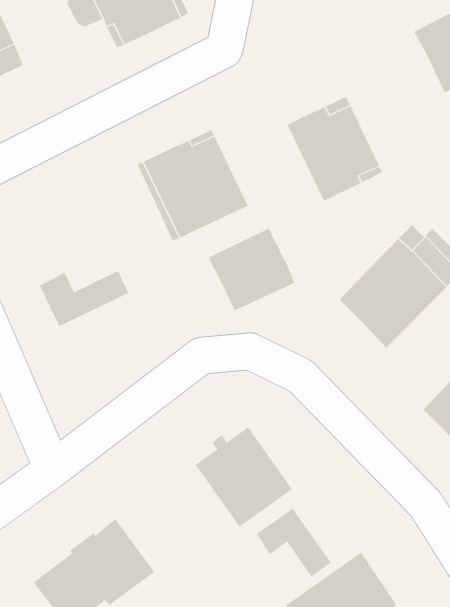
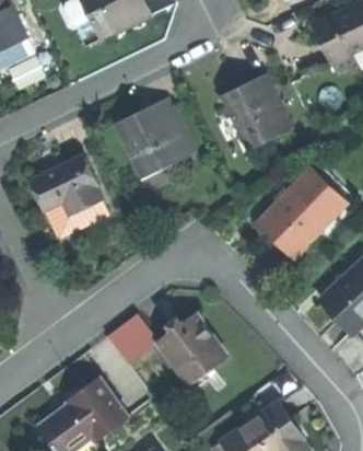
building: none -> [31,155,102,215]
building: [208,228,295,311] -> none
building: none -> [105,313,154,362]
building: [256,508,331,577] -> none

